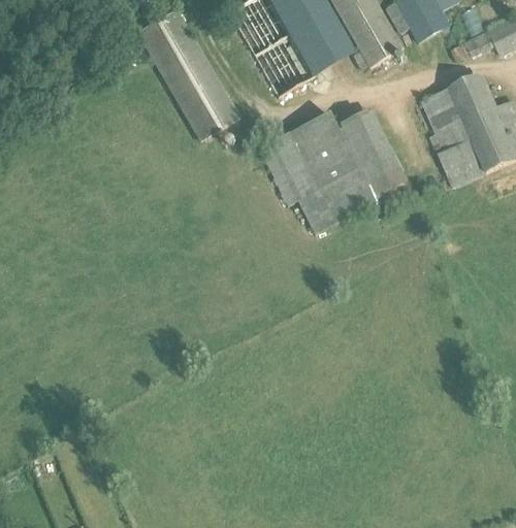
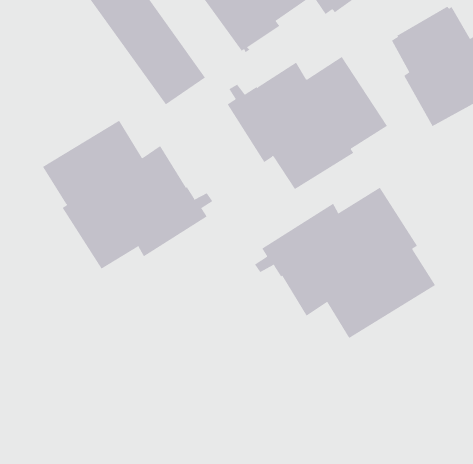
building: none -> [42,120,213,270]
building: none -> [254,187,436,339]

